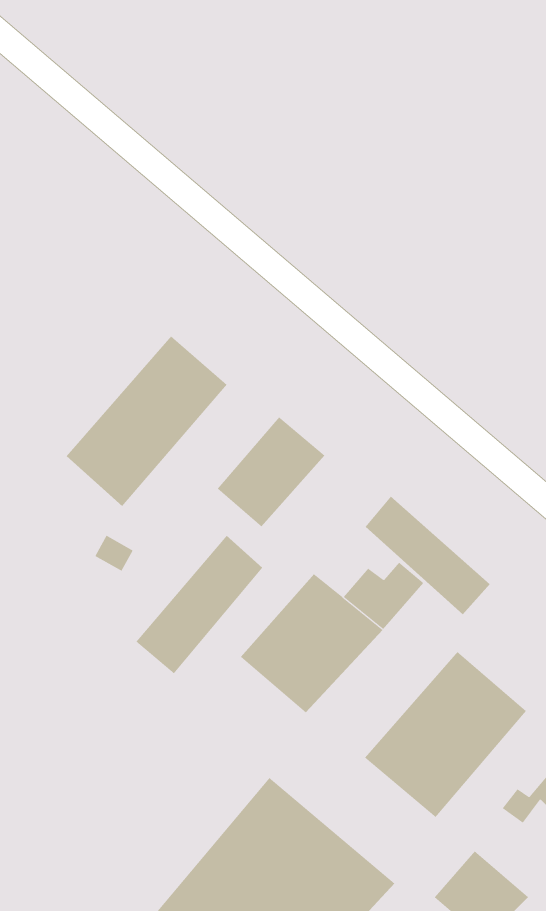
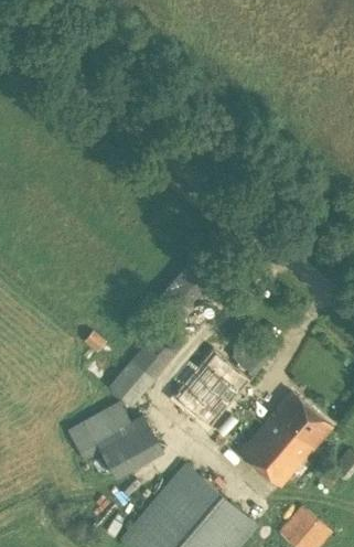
building: [66,336,228,507] -> none
building: [365,496,491,615] -> none
building: none -> [66,401,163,480]

